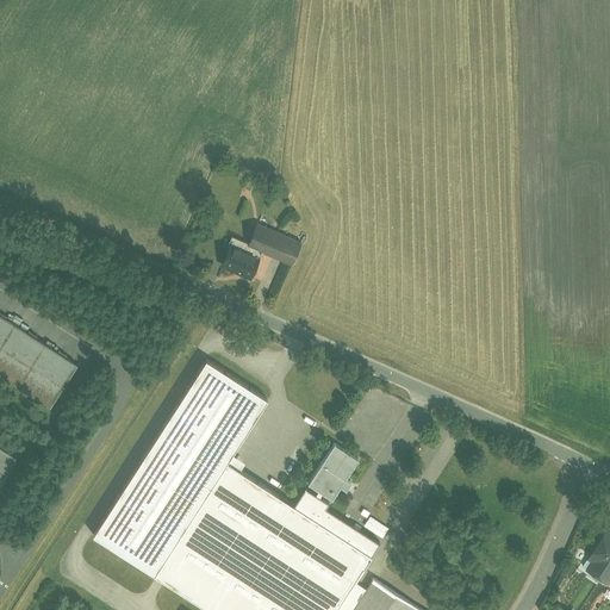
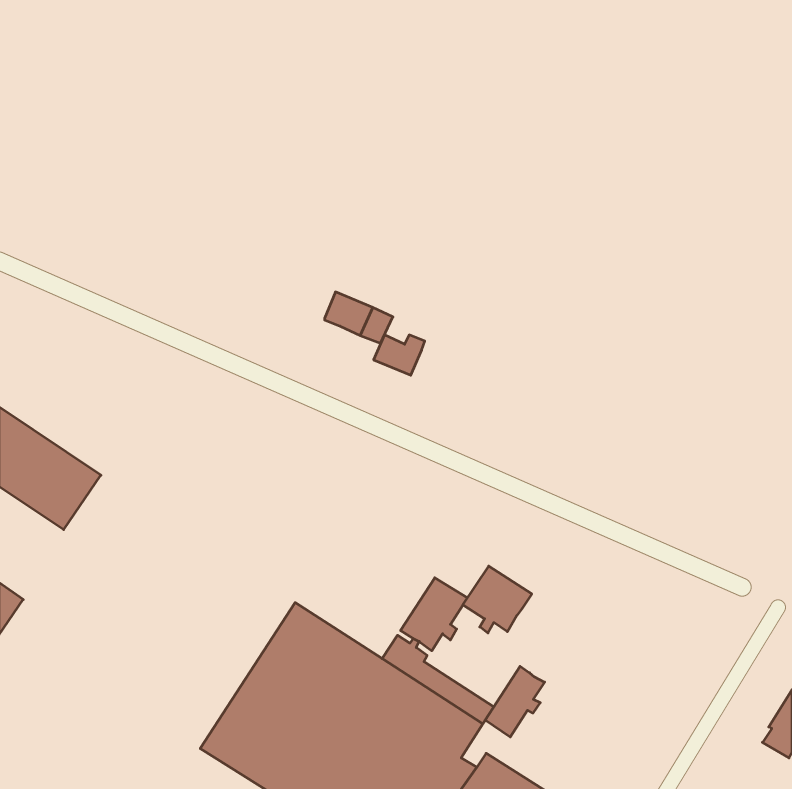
building: [222,249,261,280] -> [374,335,425,375]
building: [92,363,267,578] -> none
building: none -> [463,566,532,633]
building: none -> [485,666,545,737]

